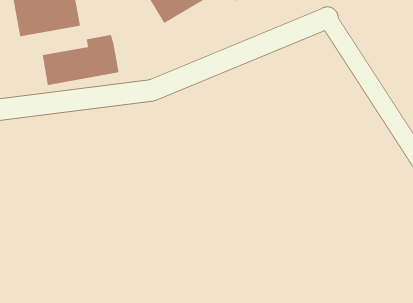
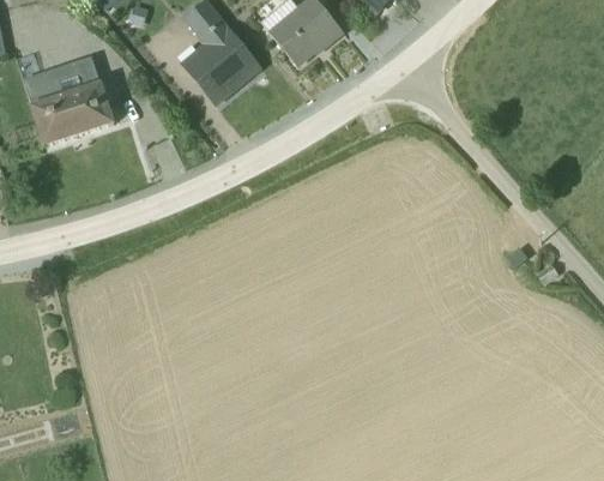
building: [42,34,119,86] -> none

